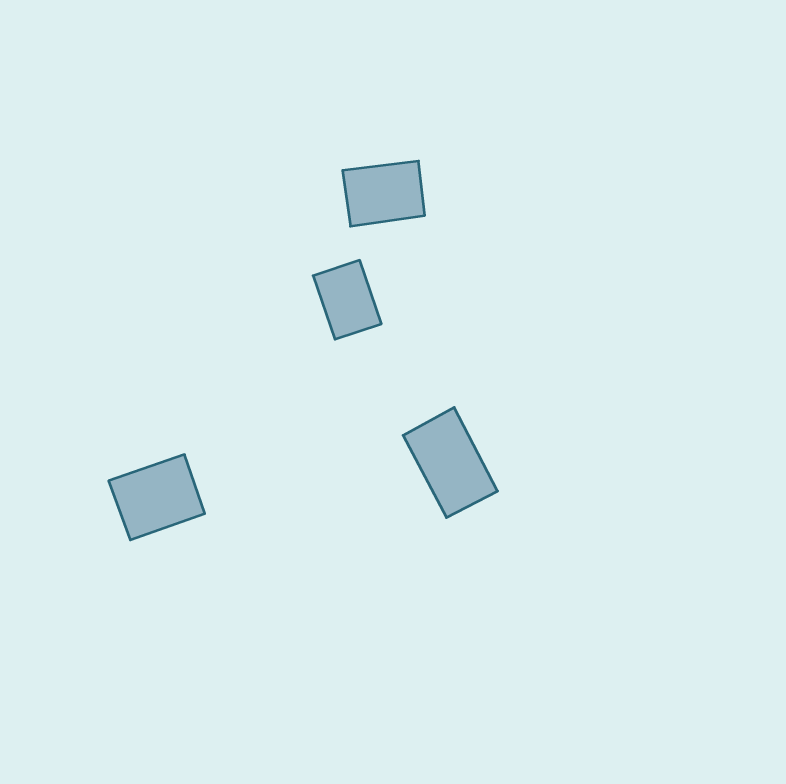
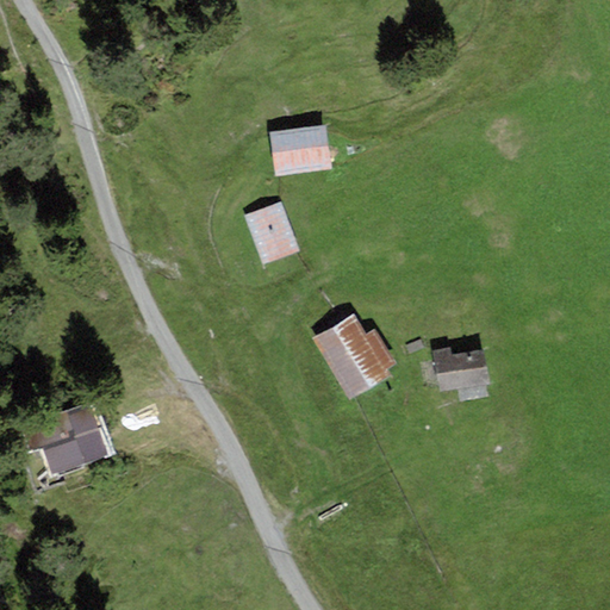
building: none -> [435,348,488,388]
building: [109,455,205,540] -> [30,407,104,473]

